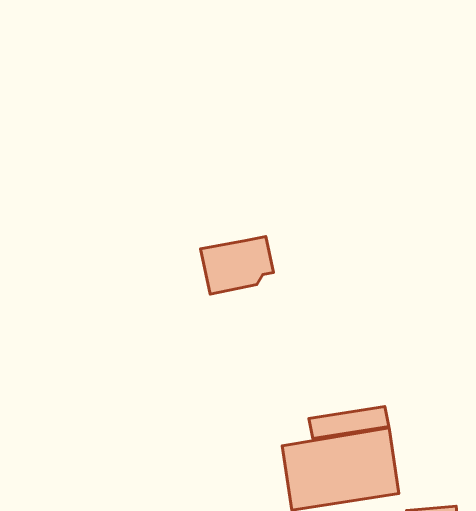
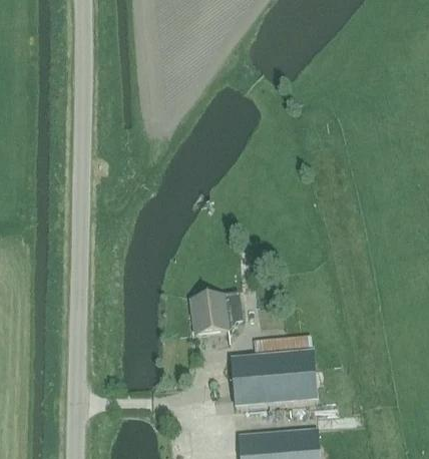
building: [200,237,274,294] -> [189,293,243,333]

